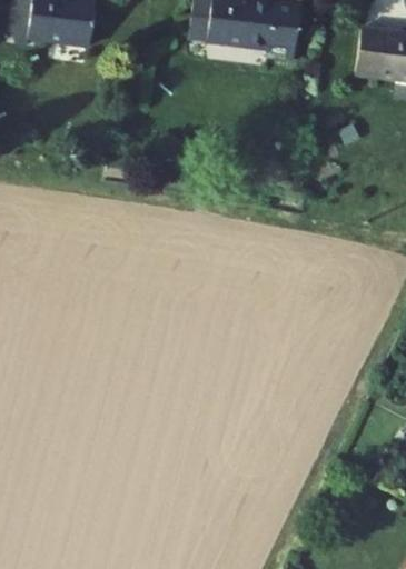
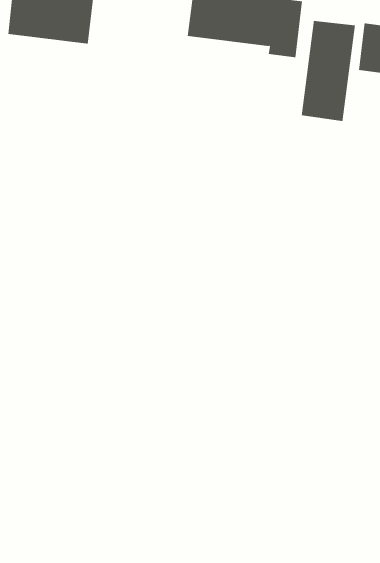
building: none -> [301,20,355,122]

